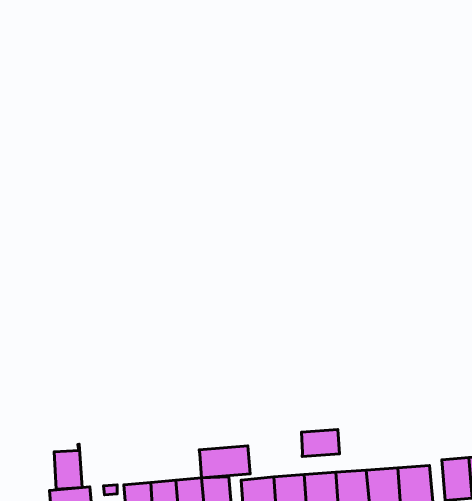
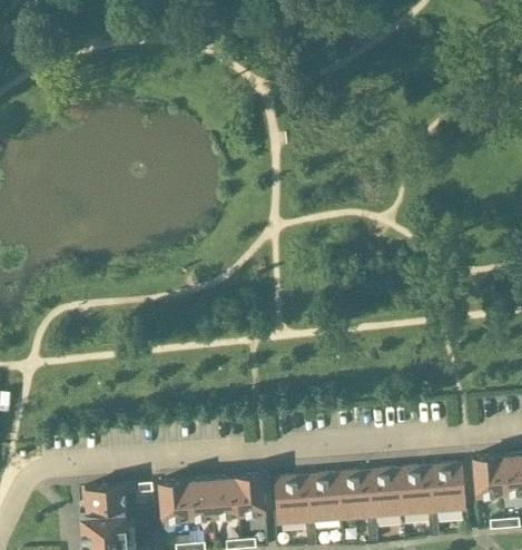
building: [301,430,339,457] -> none
building: [54,444,82,489] -> none
building: [199,446,250,478] -> none

